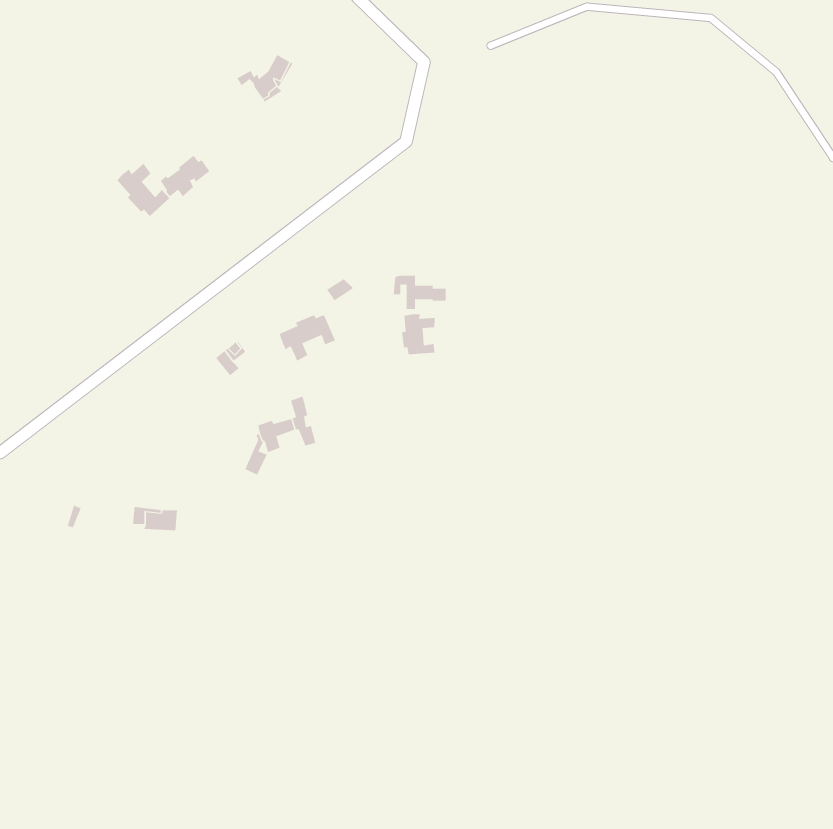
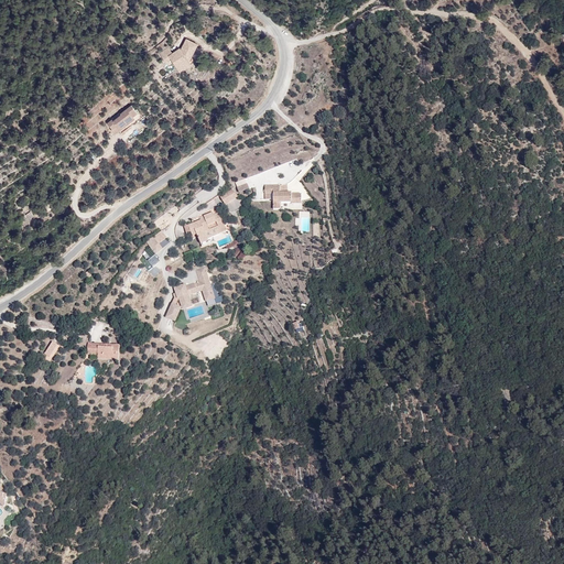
building: [117,163,170,217] -> none
building: [402,313,435,355] -> none

